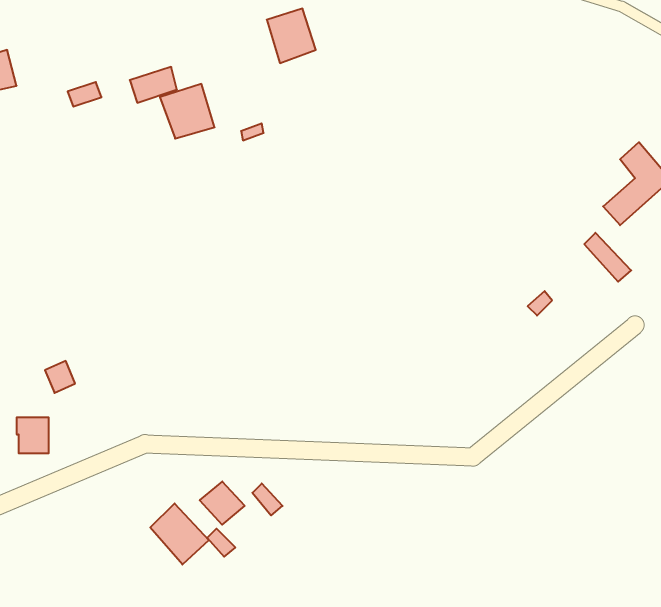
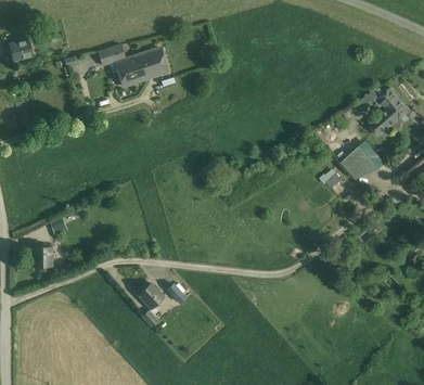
building: [267,9,316,63] -> [138,48,166,79]
building: none -> [341,146,377,178]
building: [150,503,209,565] -> none

